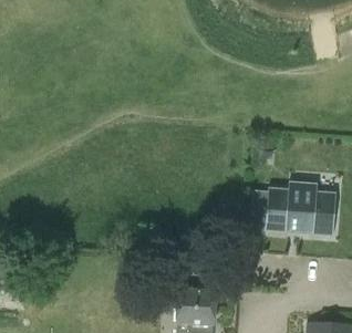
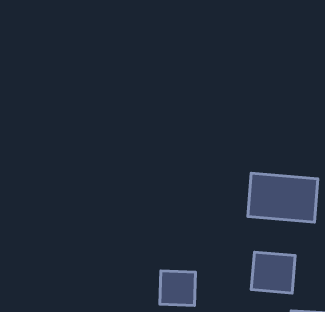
building: none -> [251,252,295,293]

